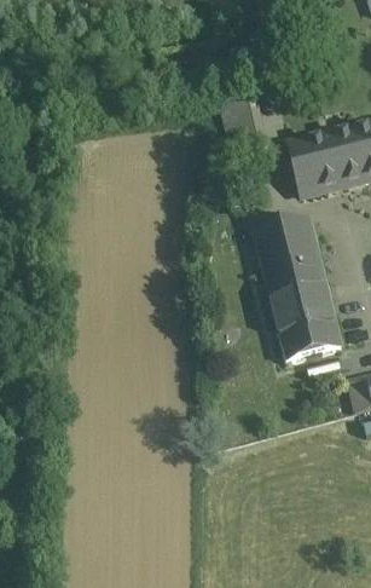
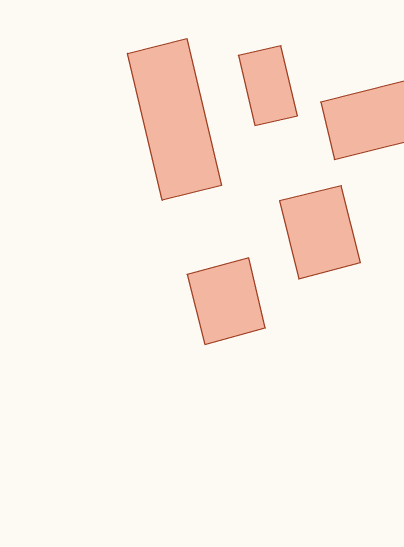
building: none -> [128,39,221,200]
building: [271,284,340,361] -> [187,258,265,344]

